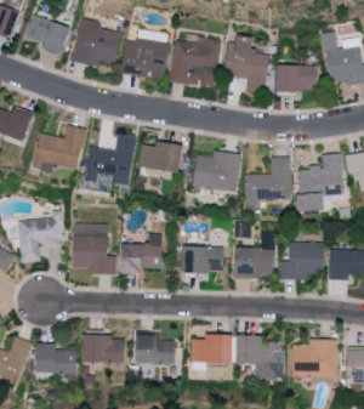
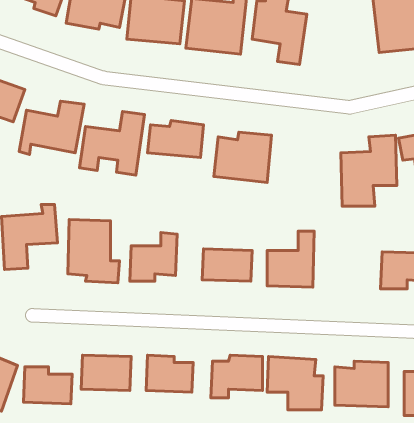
building: [275,64,317,91] -> none
building: [244,155,290,203] -> none
building: [278,242,322,279] -> none

